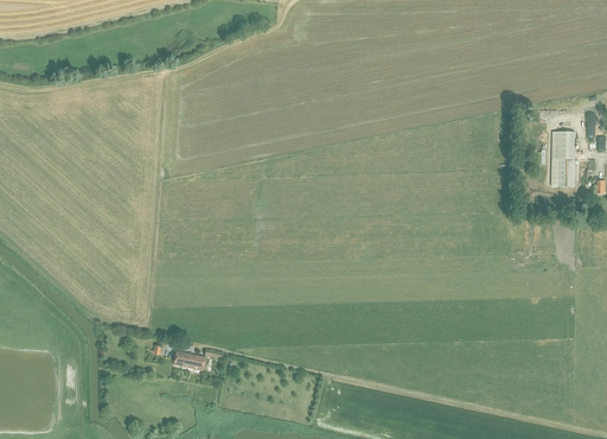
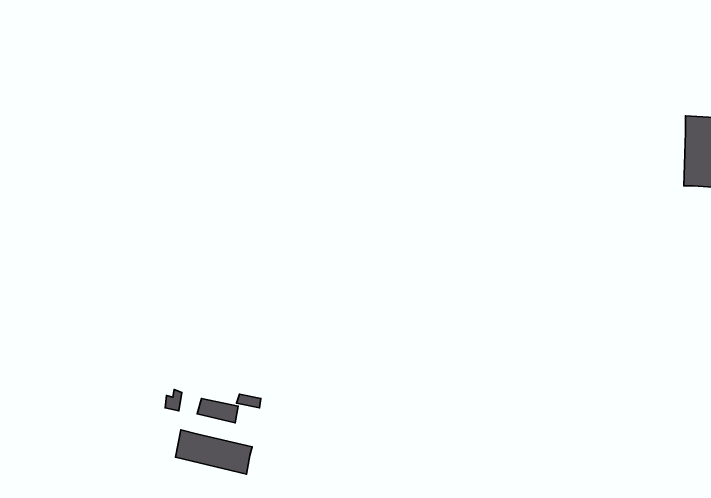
building: none -> [175,430,252,474]

